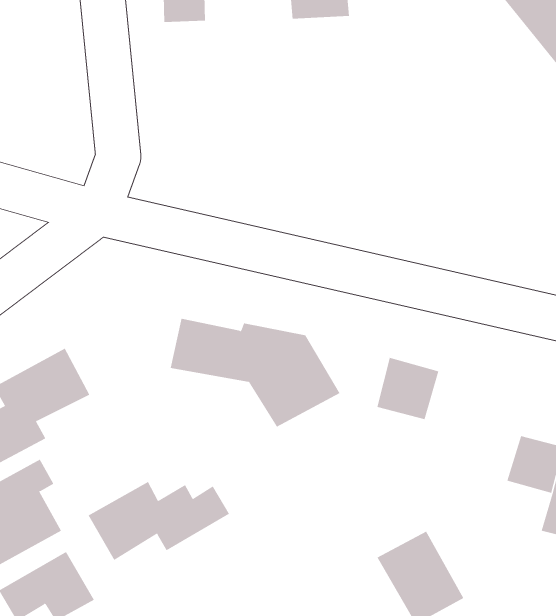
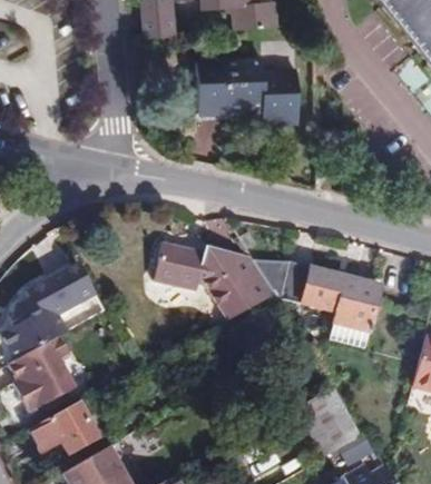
building: none -> [197,58,297,124]
building: none -> [254,259,308,303]
building: none -> [333,277,378,329]
building: [88,481,230,561] -> none

